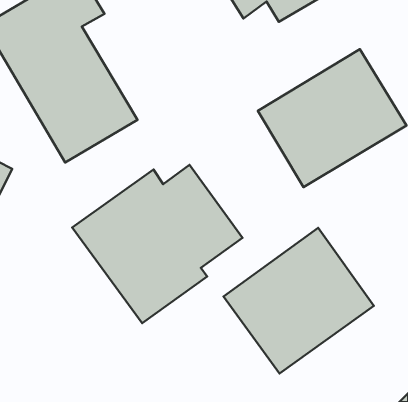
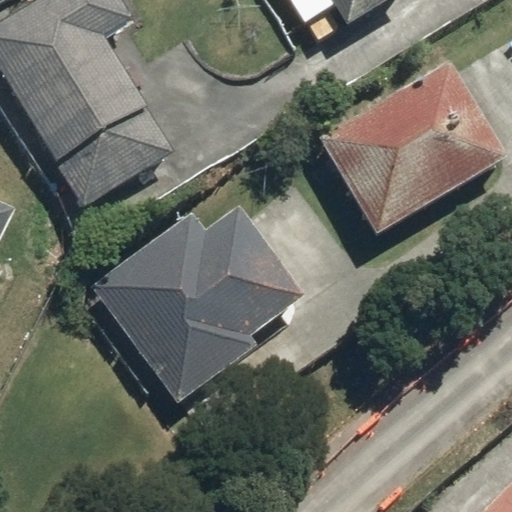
building: [224,228,374,374] -> none

